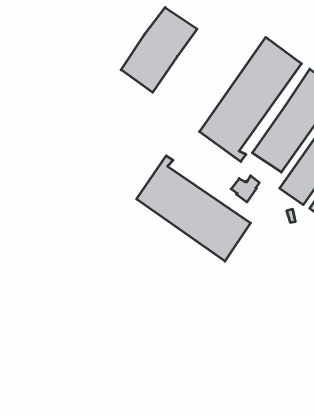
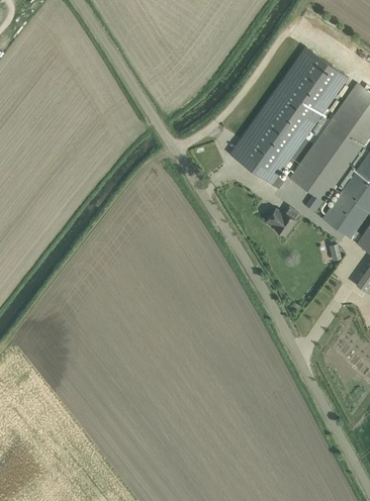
building: [121,7,197,92] -> none
building: [137,156,251,261] -> none

